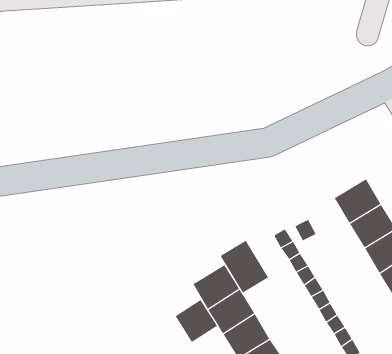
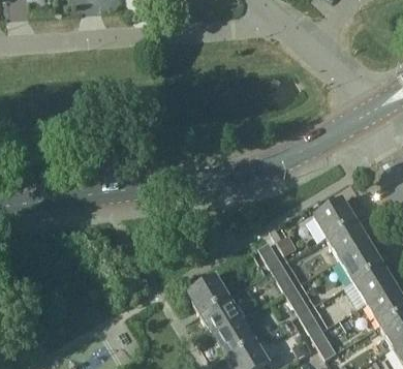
building: [220,240,269,293] -> none
building: [175,299,218,343] -> none

